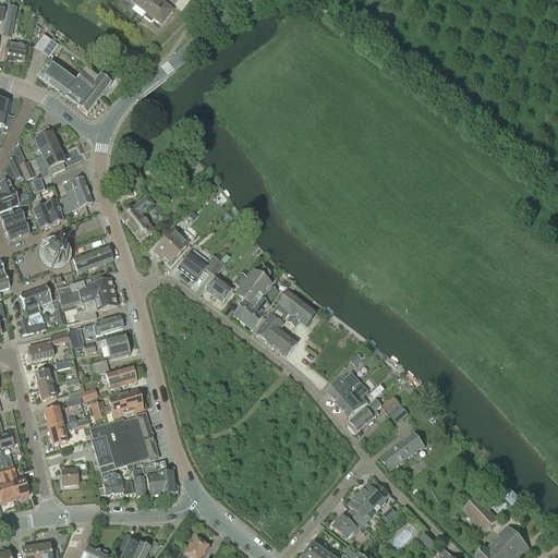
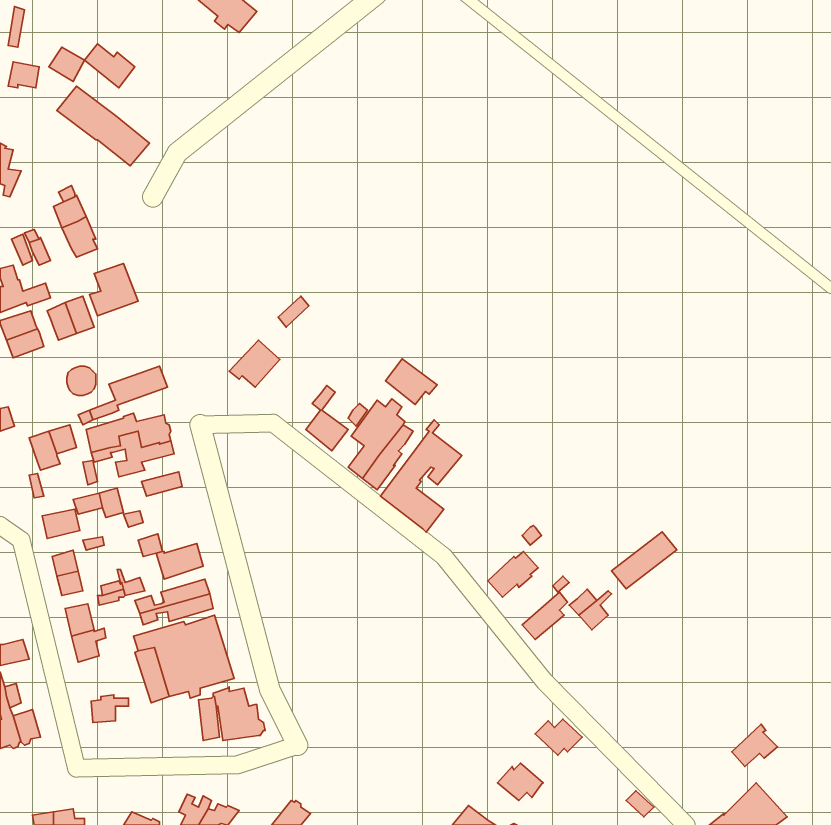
building: [77,66,111,96] -> [85,44,135,88]
building: [120,193,155,241] -> none
building: none -> [385,359,437,404]
building: [179,248,219,279] -> none
building: [96,333,129,356] -> none
building: [337,386,368,414] -> none
building: [380,430,424,469] -> [612,532,677,589]
building: [99,471,133,494] -> none
building: [349,492,374,526] -> none
building: [463,496,498,532] -> none

